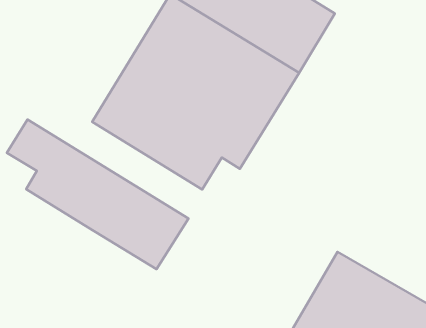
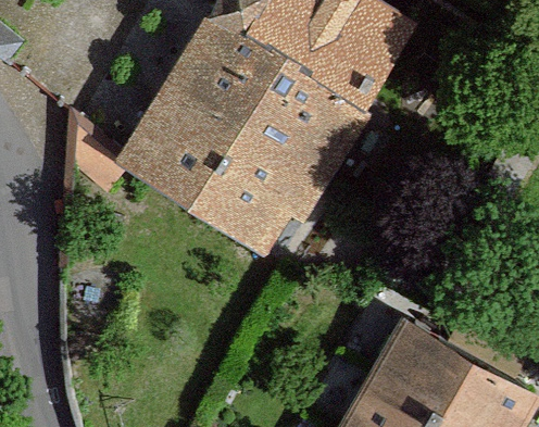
building: [7,120,188,269] -> none

